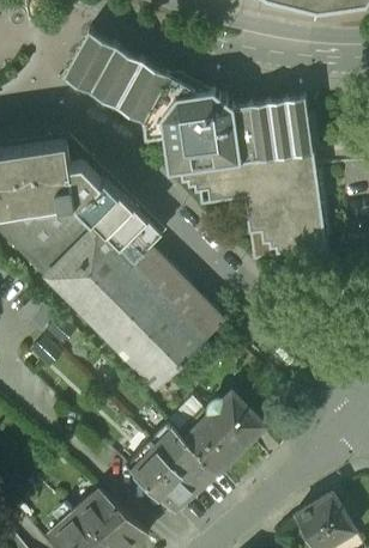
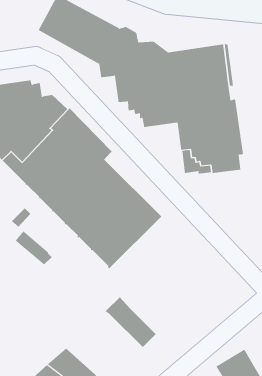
building: [183,392,265,474] -> none
building: [131,447,199,513] -> none

